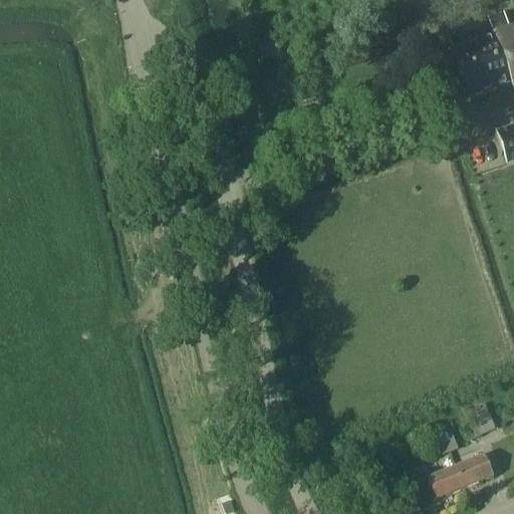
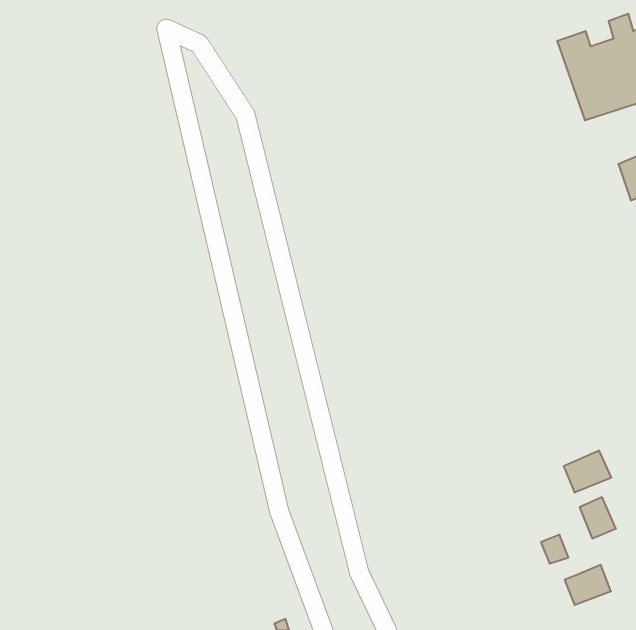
building: none -> [564,450,611,493]
building: [428,465,464,497] -> none

